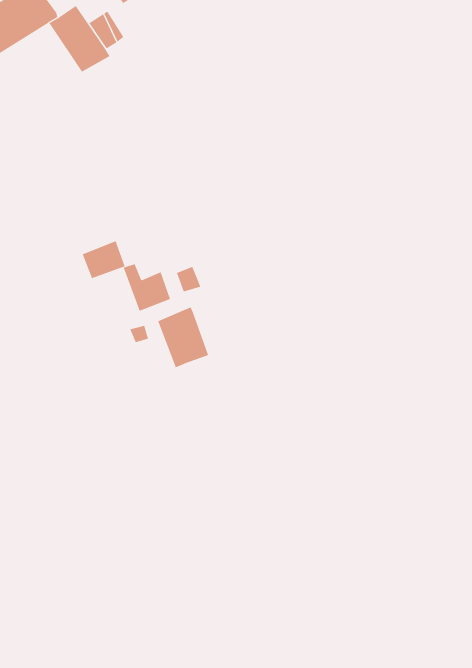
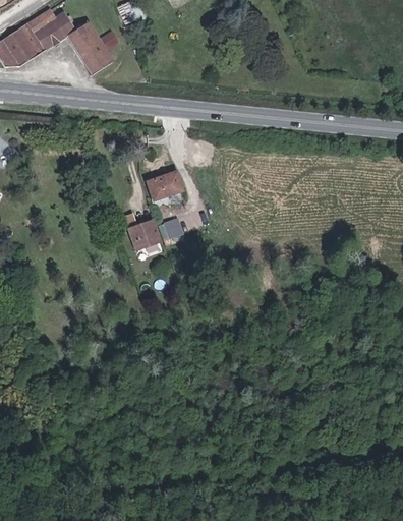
building: [82,240,126,279] -> [148,172,180,200]
building: [158,306,209,368] -> none

